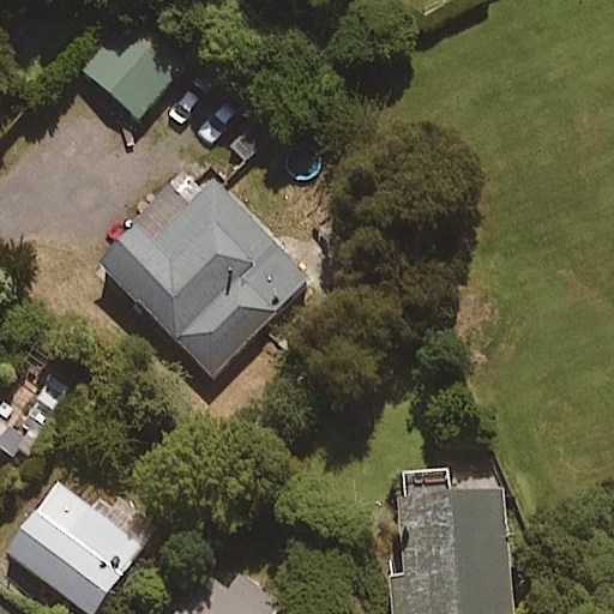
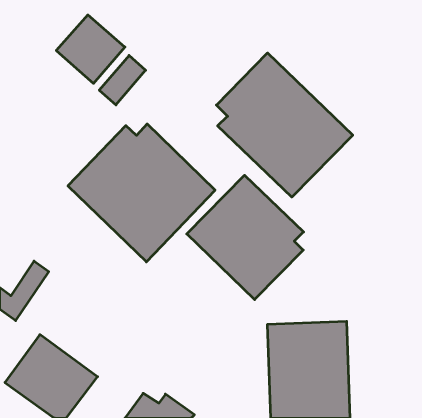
building: none -> [216,53,353,197]
building: none -> [187,175,304,300]

